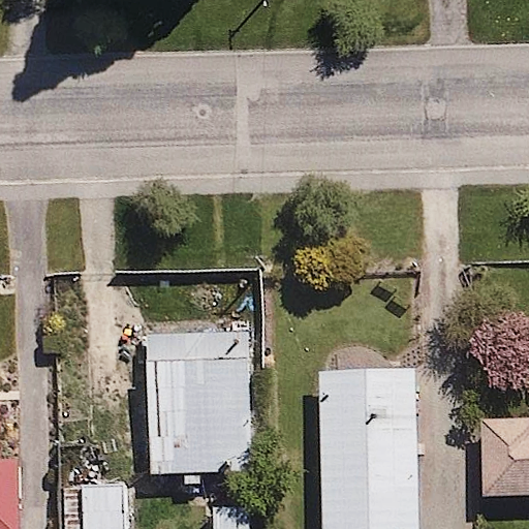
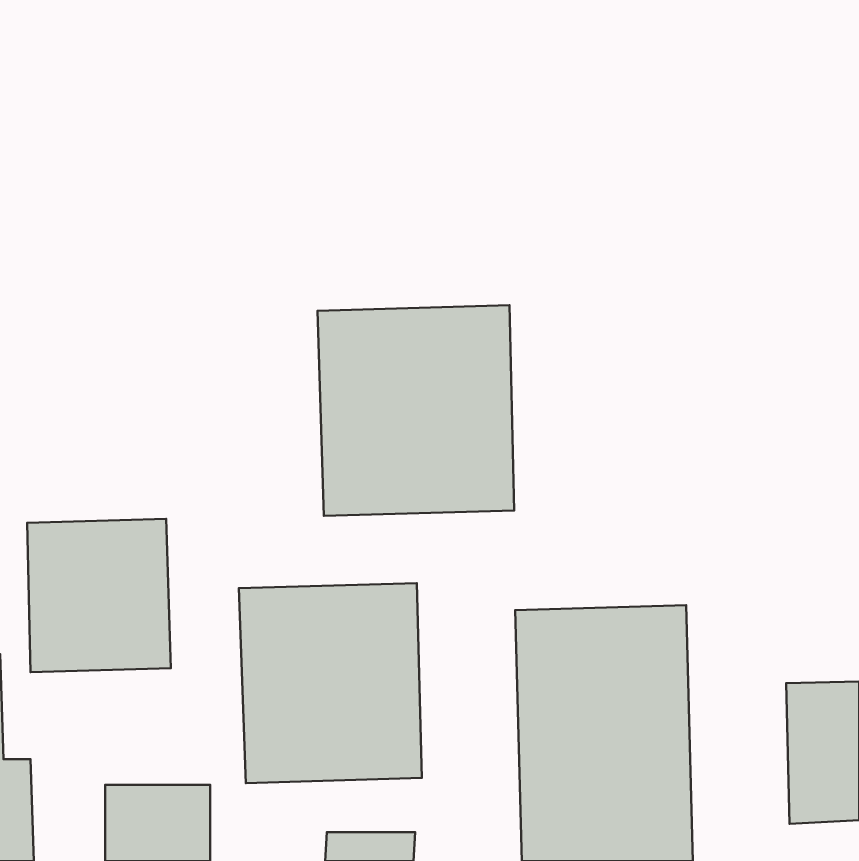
building: none -> [317,305,514,516]
building: none -> [27,519,171,672]

